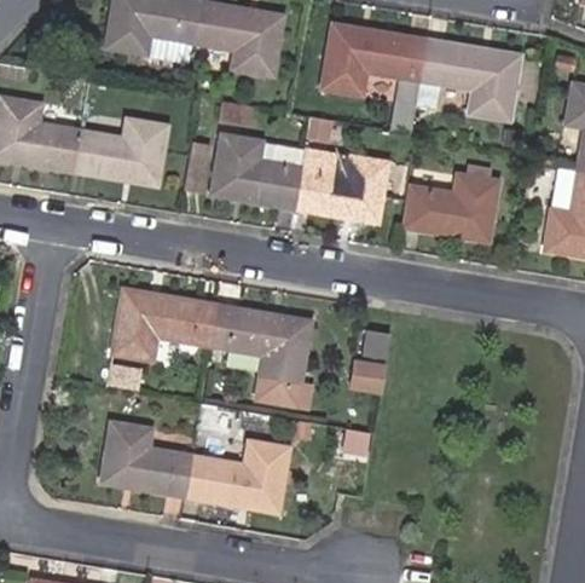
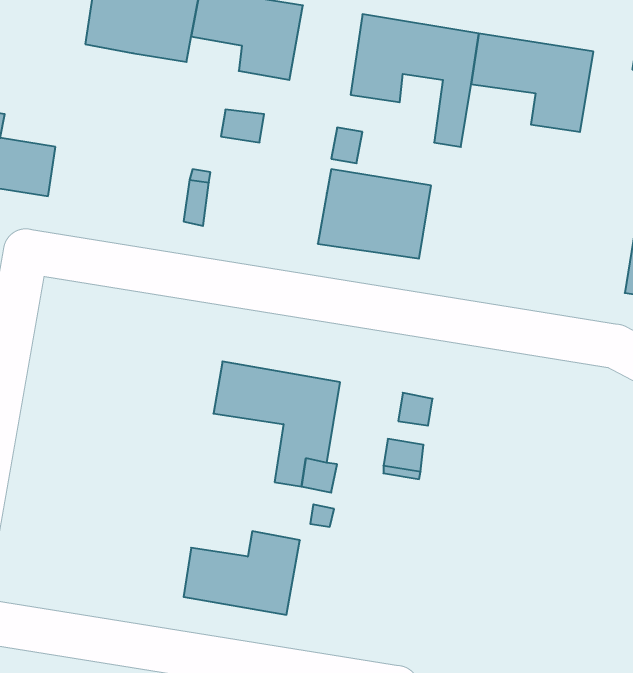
building: [77,120,166,184] -> none
building: [214,135,307,209] -> none
building: [402,174,499,241] -> none
building: [114,290,219,360] -> none
building: [102,421,193,496] -> none

